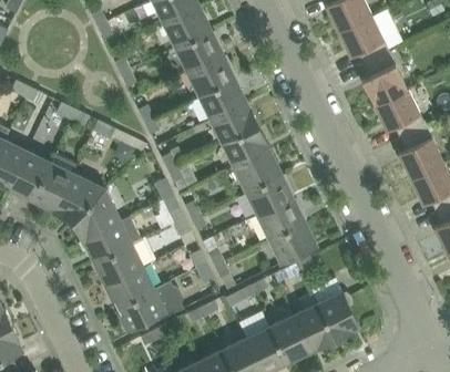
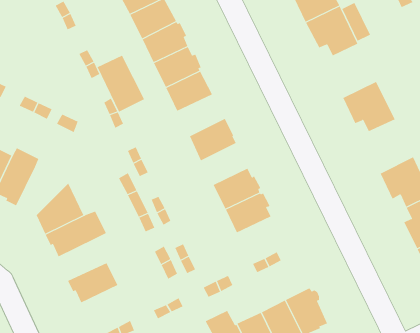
building: [361,52,407,105] -> none
building: none -> [97,55,145,112]
building: [211,102,258,143] -> none
building: [397,126,443,179] -> none
building: [234,149,280,190] -> none
building: [53,173,104,220] -> none
building: [269,221,316,262] -> none
building: [94,244,142,285] -> none
building: [116,281,183,331] -> none

